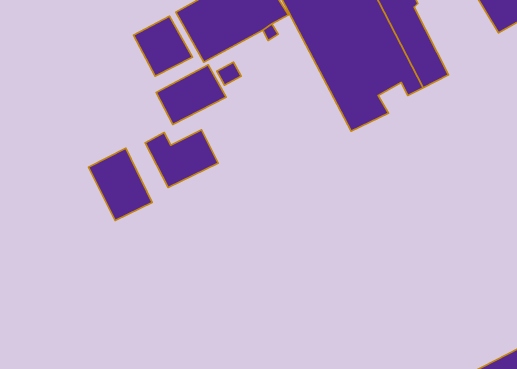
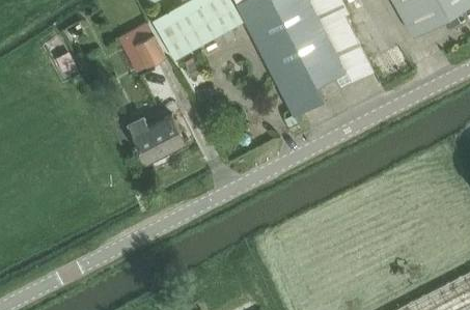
building: [156,65,226,124] -> none
building: [89,148,152,221] -> none

